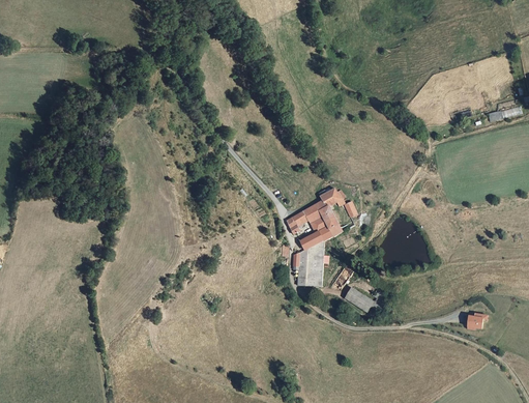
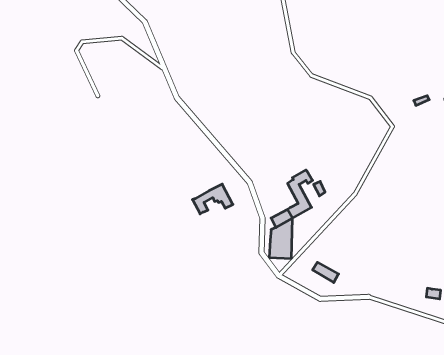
building: [284,204,327,236] -> [192,184,233,214]

